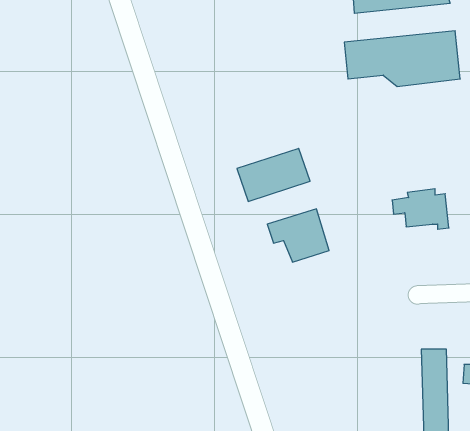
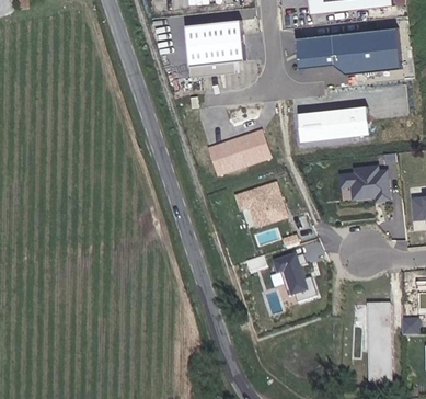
building: none -> [184,19,241,76]
building: none -> [298,105,367,140]
building: none -> [272,254,307,297]

